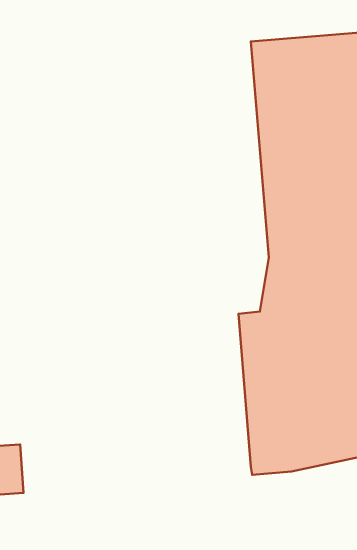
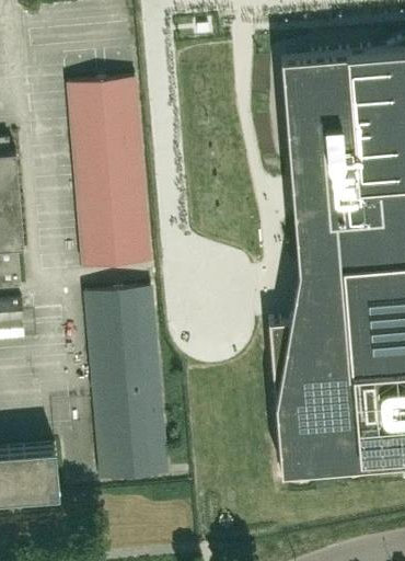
building: none -> [67,83,151,273]
building: none -> [86,293,166,482]

